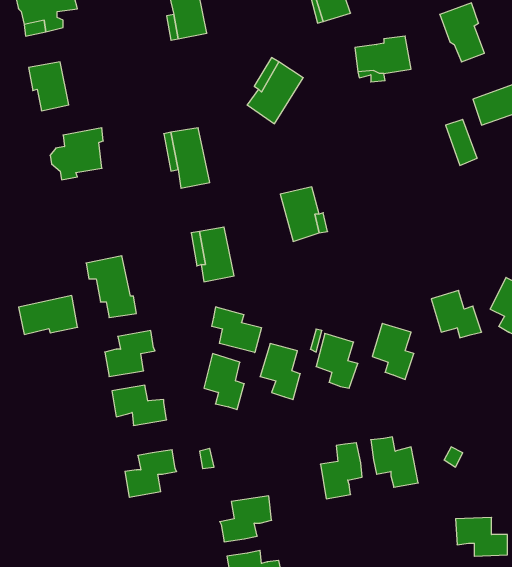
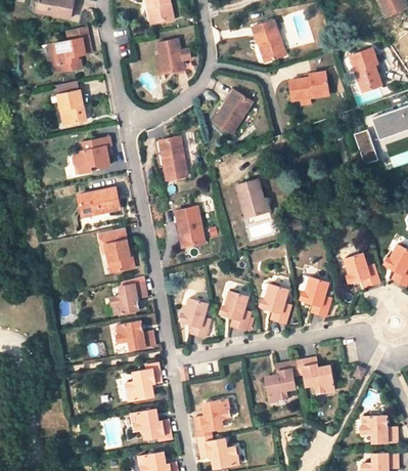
building: [19,296,78,334] -> [78,186,120,214]
building: [212,307,261,353] -> none
building: none -> [131,409,171,438]

